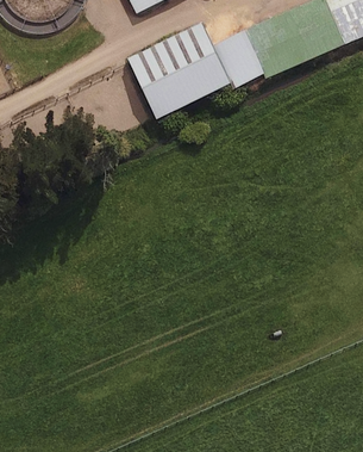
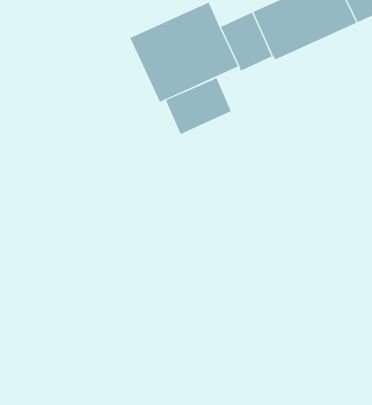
building: none -> [165,77,231,135]

